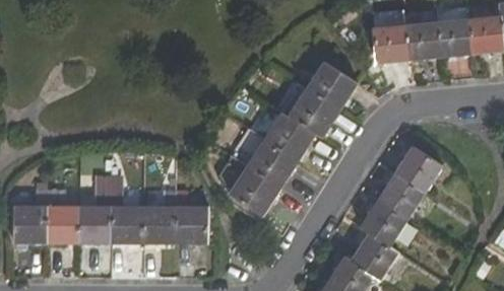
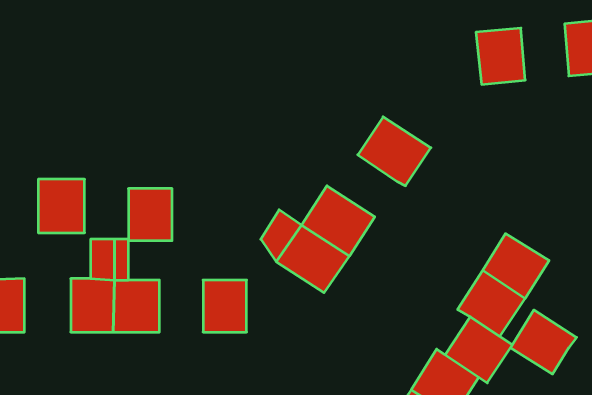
building: [405,20,440,61] -> none
building: [306,61,357,110] -> none
building: [265,111,316,159] -> none
building: [394,145,443,191] -> none
building: [47,204,80,242] -> [38,179,85,233]
building: [144,205,176,242] -> [128,189,172,241]
building: none -> [511,310,577,374]

